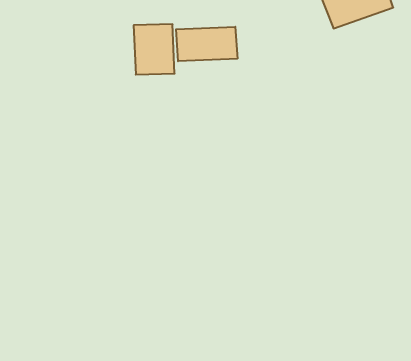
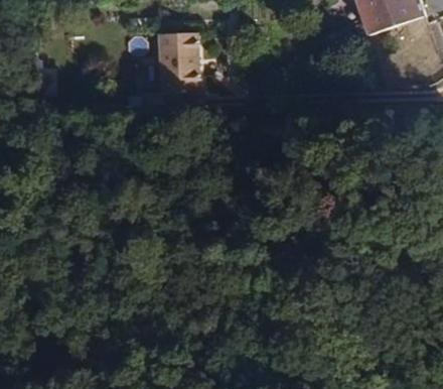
building: [176,27,237,61] -> none

